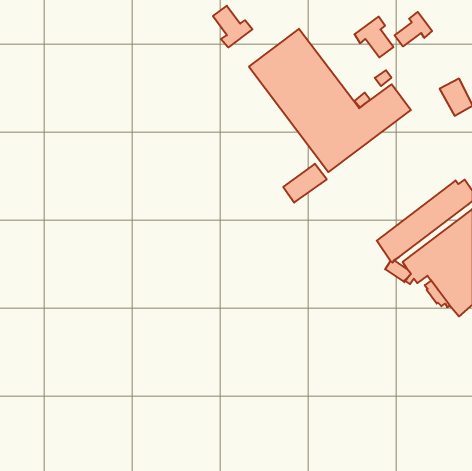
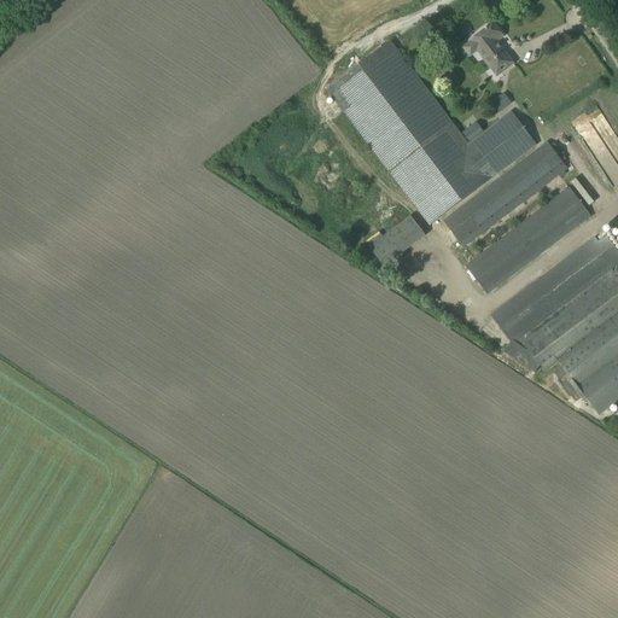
building: [213,6,252,47] -> none
building: [395,12,432,46] -> none
building: none -> [444,140,569,246]
building: none -> [466,186,591,292]

